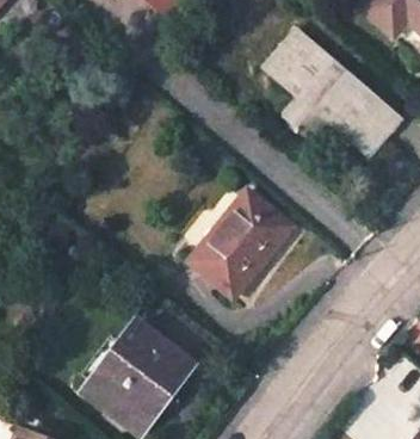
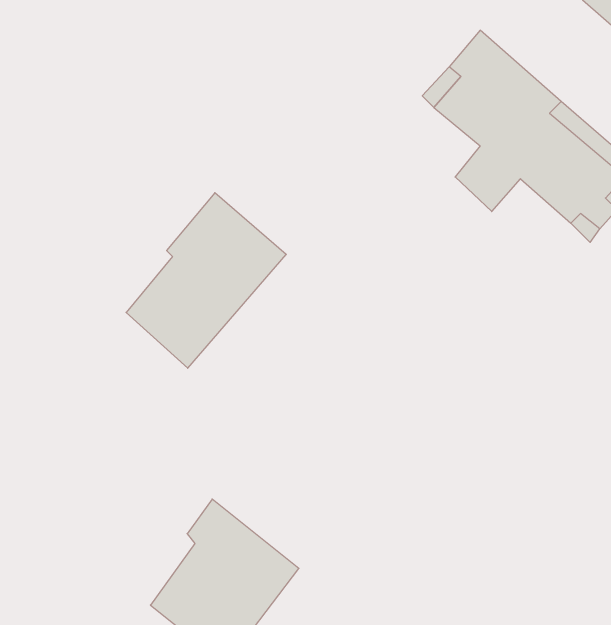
building: [191,188,290,297] -> [126,193,286,368]

